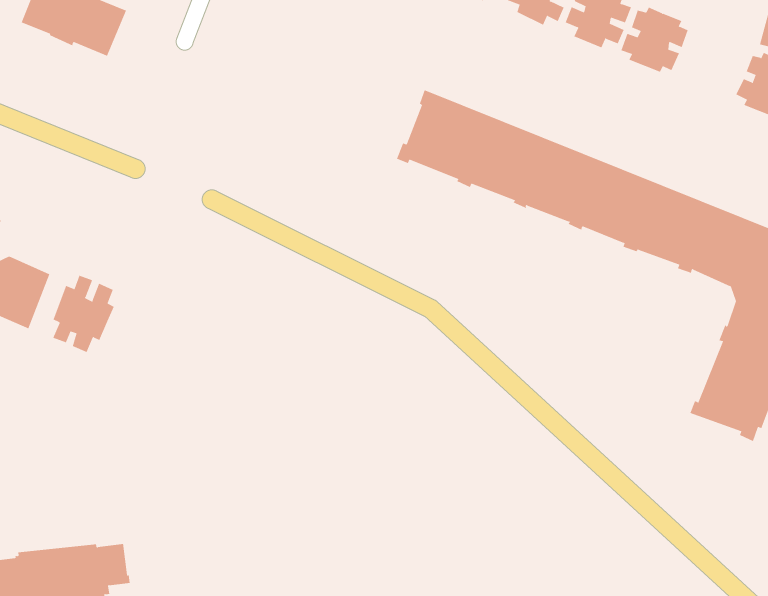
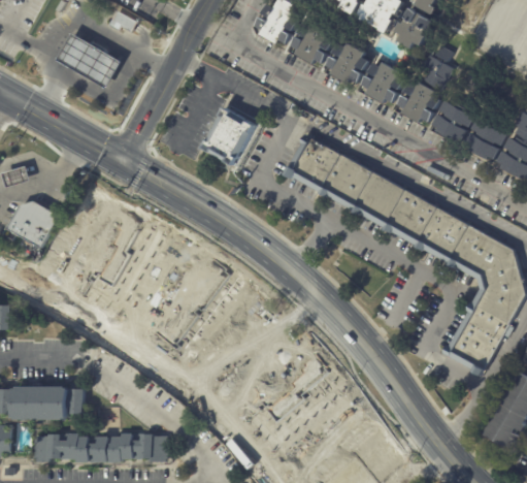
building: none -> [463,119,505,160]
building: none -> [199,108,251,166]
building: [53,275,114,353] -> none

